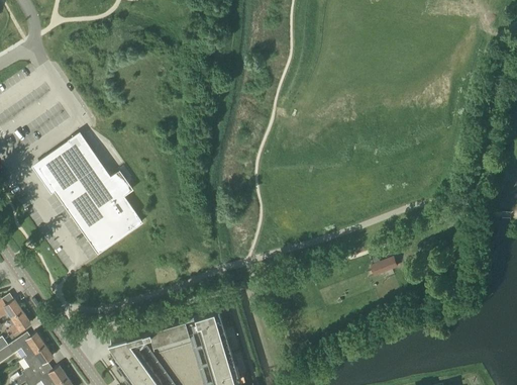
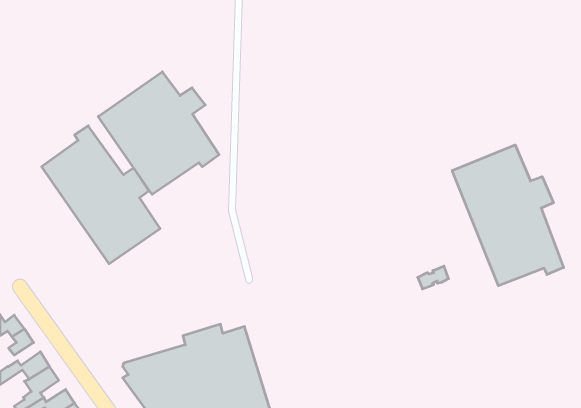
building: none -> [98,72,219,194]
building: none -> [452,145,564,286]

